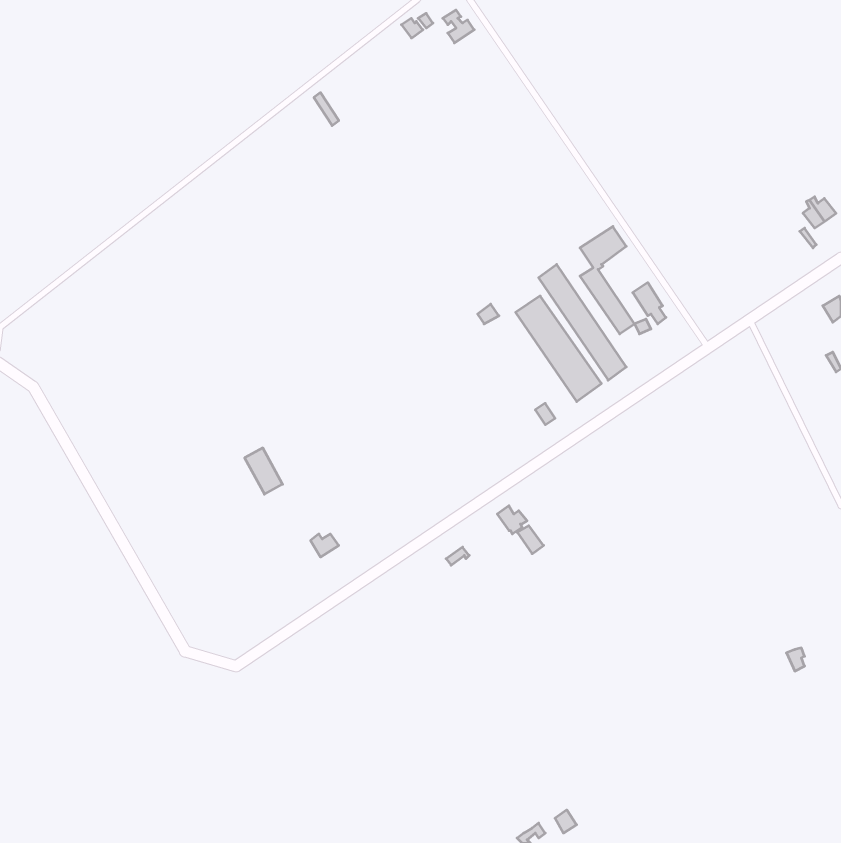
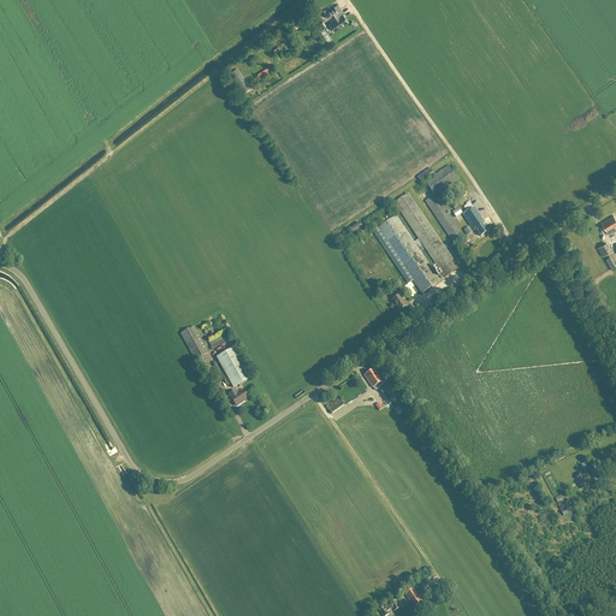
building: none -> [213,346,249,387]

